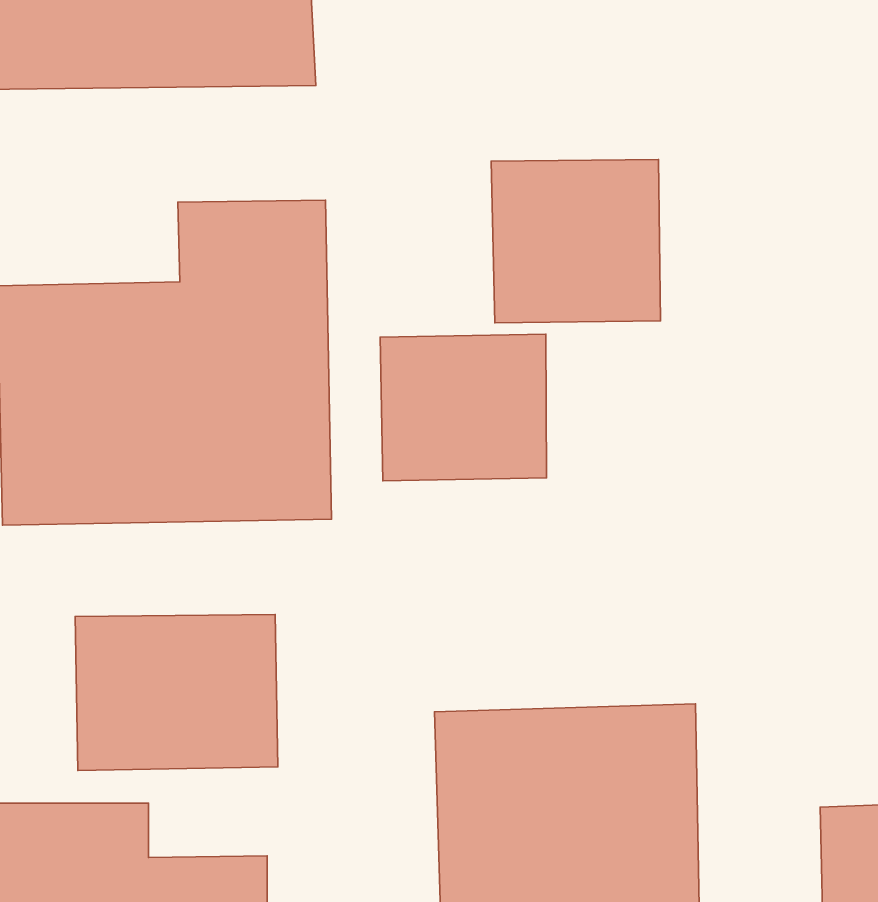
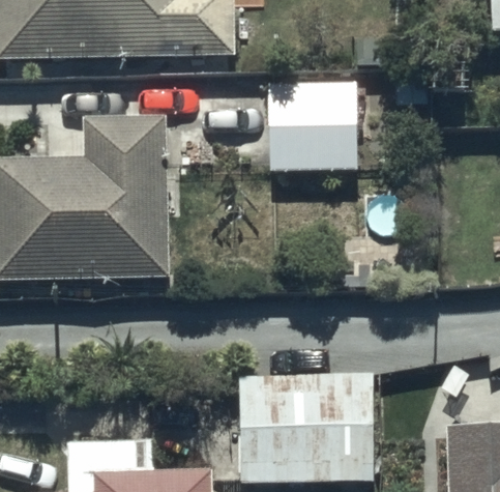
building: [380,334,546,481] -> none
building: [75,615,278,771] -> none

